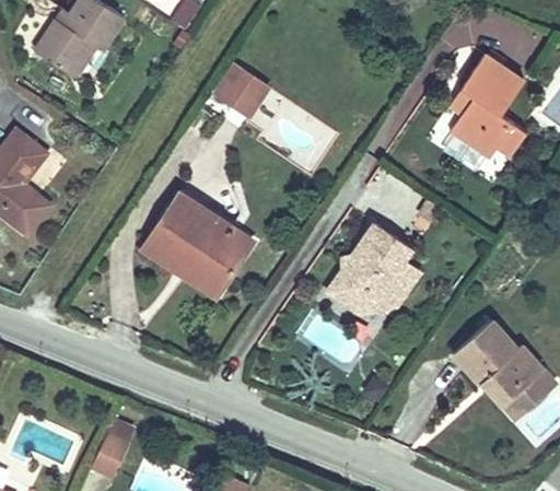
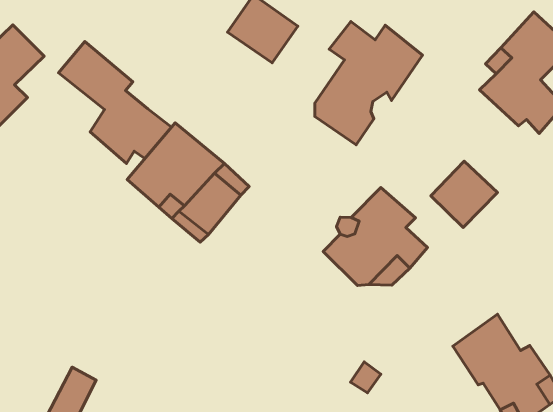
building: none -> [315,22,423,145]
building: none -> [59,41,171,164]
building: none -> [431,161,498,228]

